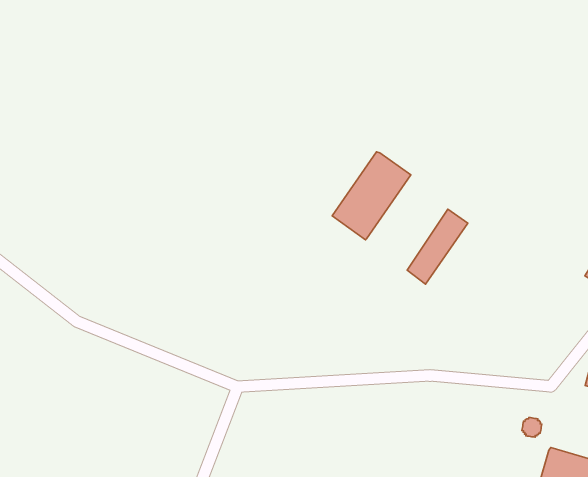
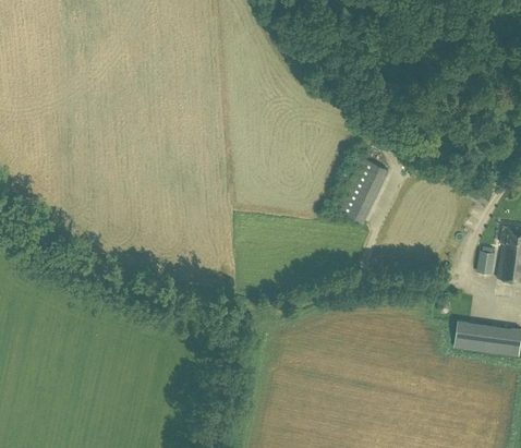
building: [332,152,411,240] -> none

